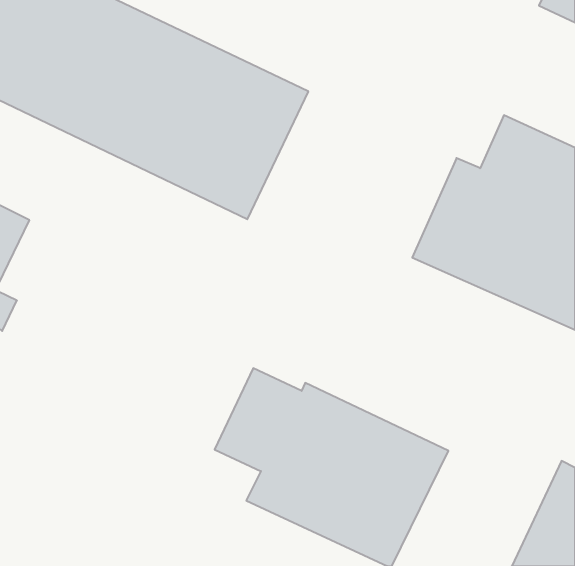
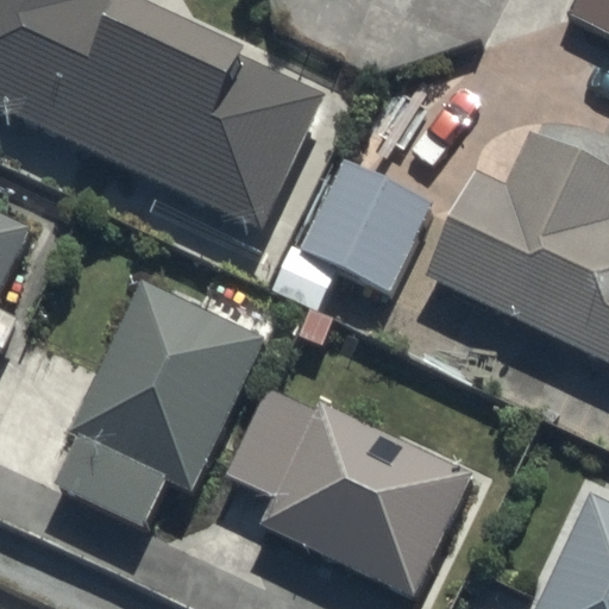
building: none -> [268,158,431,312]
building: none -> [58,281,264,525]

